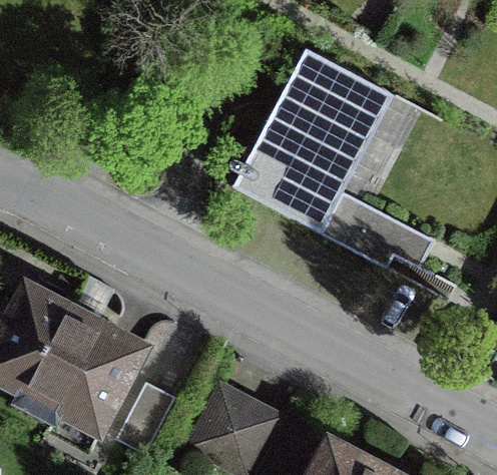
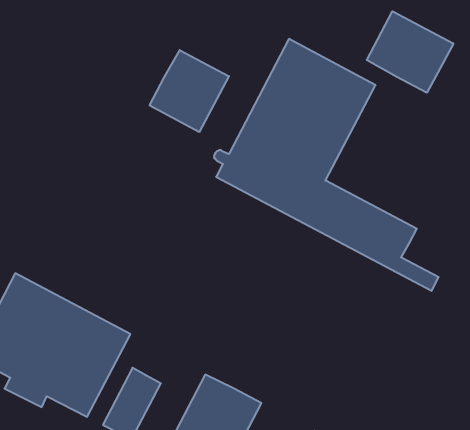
building: none -> [367,11,453,93]
building: none -> [150,50,229,132]

